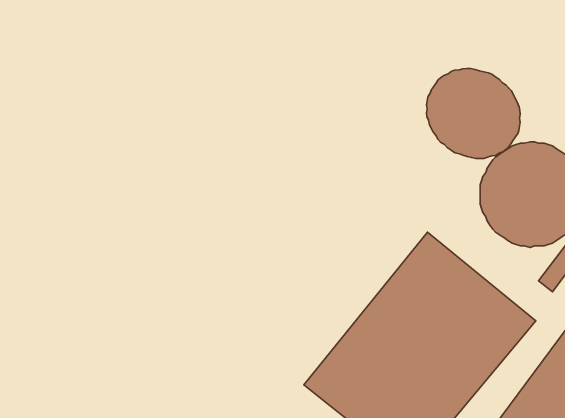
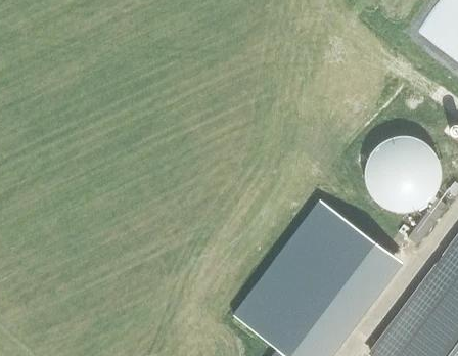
building: [426,69,520,159] -> none

